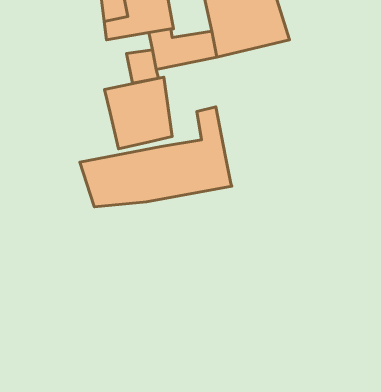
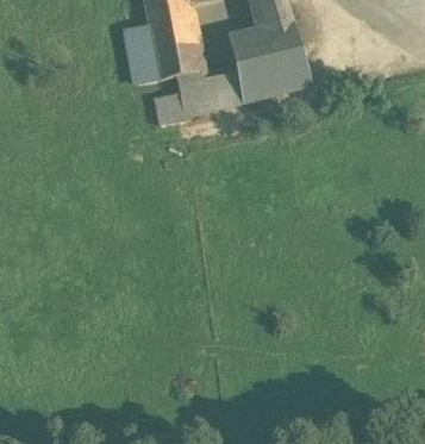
building: [104,77,172,149] -> none
building: [80,107,232,207] -> none

